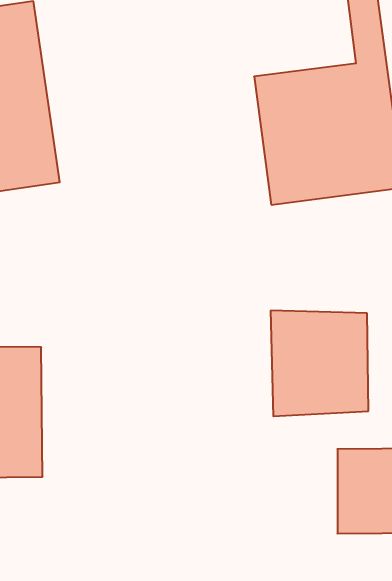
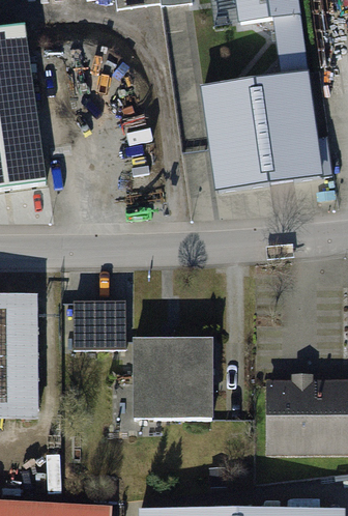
building: [271,311,368,416] -> [134,338,210,421]
building: none -> [74,296,124,346]

